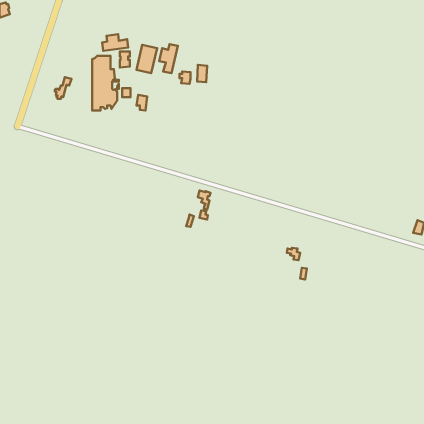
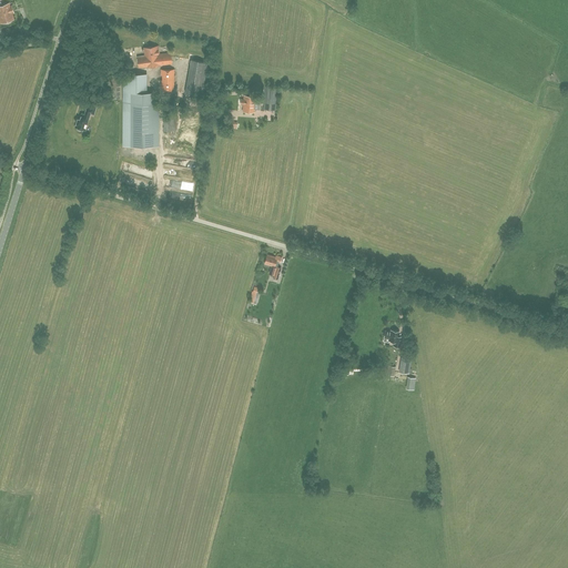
building: [159,44,178,73] -> none

